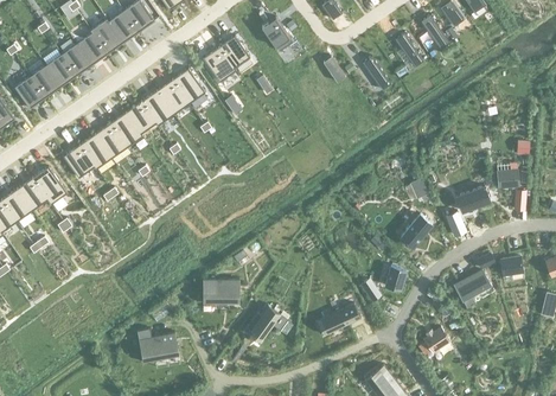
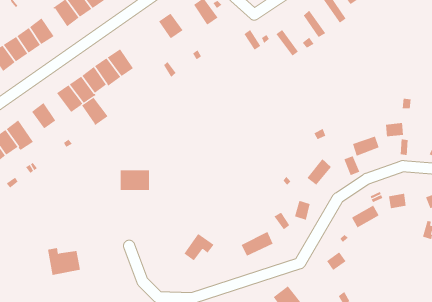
building: [76,31,107,64] -> none
building: [202,46,235,82] -> none
building: [172,69,204,103] -> none
building: [78,134,111,170] -> [81,97,108,126]
building: [202,279,238,304] -> [120,170,150,190]
building: [136,328,178,363] -> [47,247,81,276]

